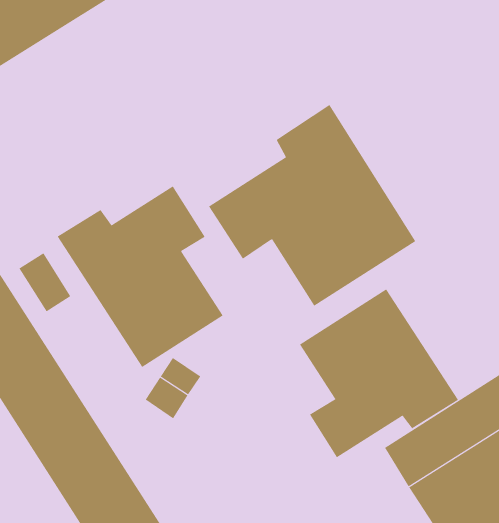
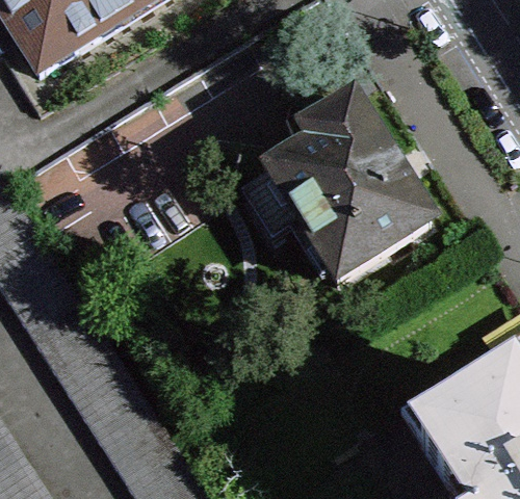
building: [57,185,223,368] -> none
building: [299,289,459,458] -> none

